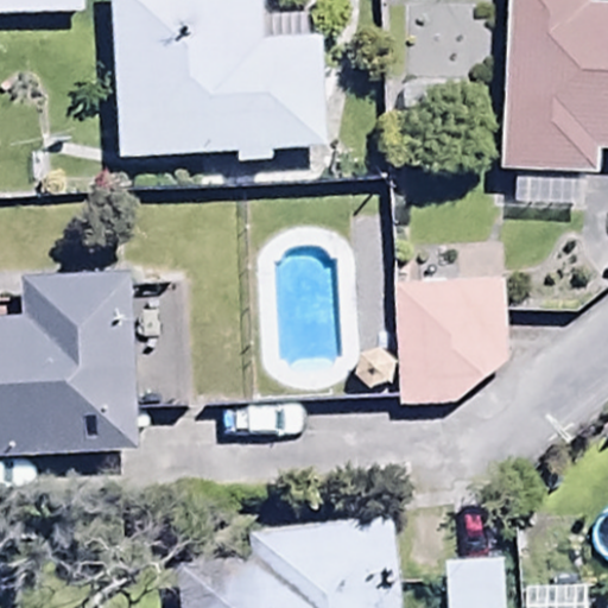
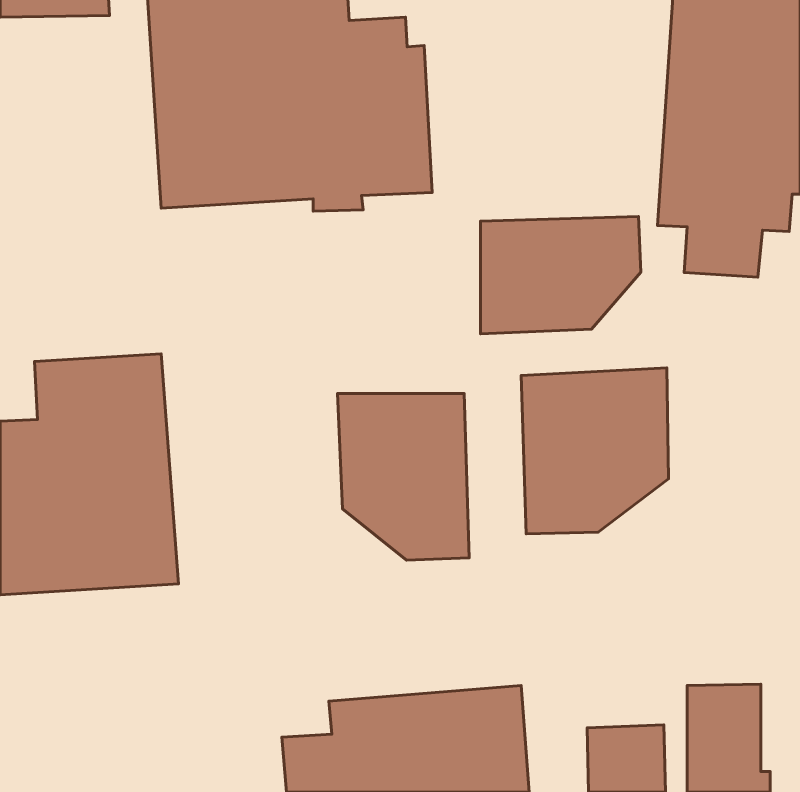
building: none -> [480,216,641,334]
building: none -> [337,393,469,560]

